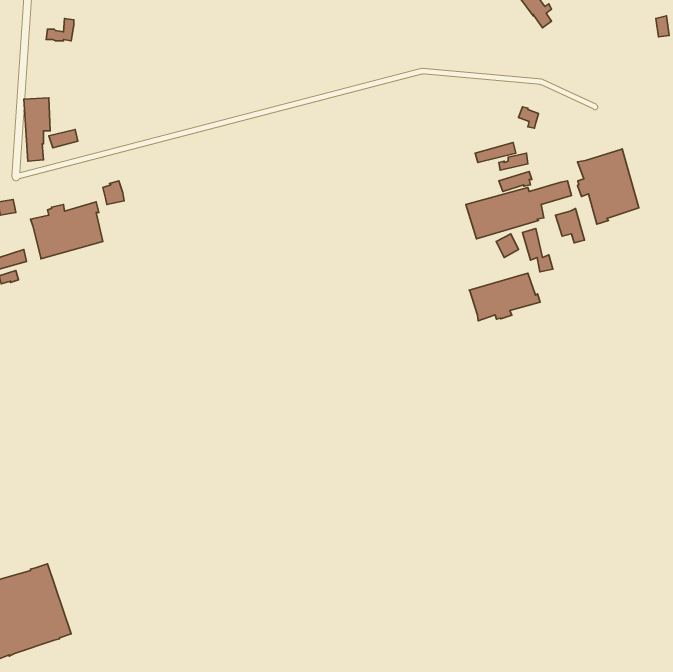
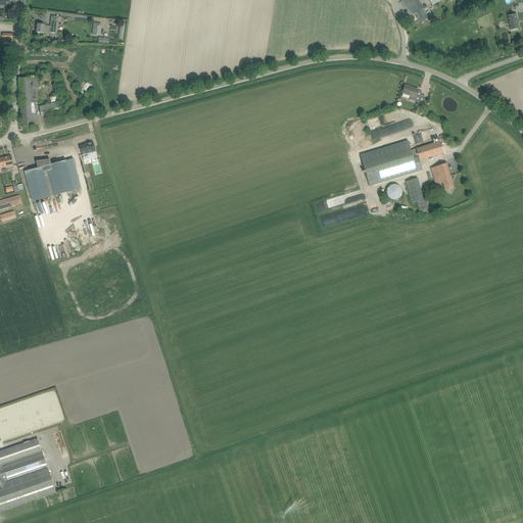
building: [577,149,639,224] -> none
building: [469,273,540,321] -> none

